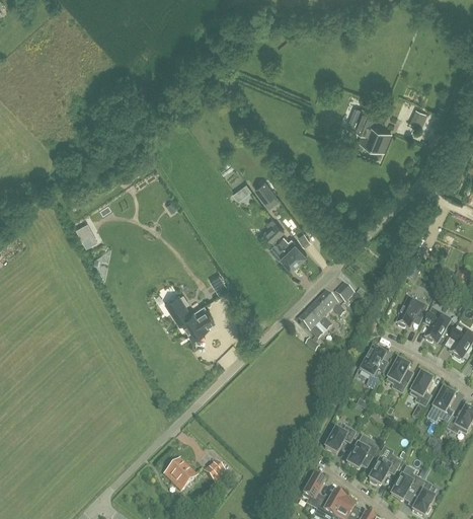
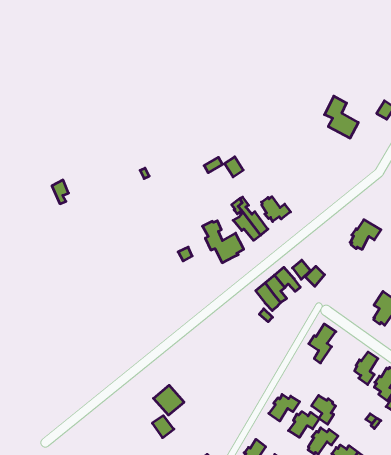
building: none -> [261,197,291,222]
building: [167,292,213,336] -> [202,221,244,263]
building: [396,296,427,327] -> [350,220,381,249]
building: [386,359,409,392] -> none
building: none -> [312,395,336,424]
building: [163,457,195,489] -> [153,385,184,415]

